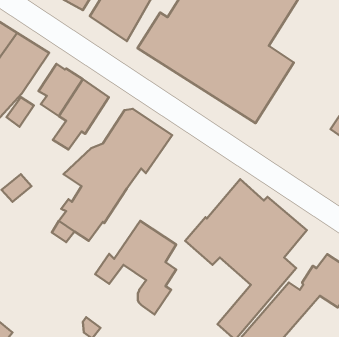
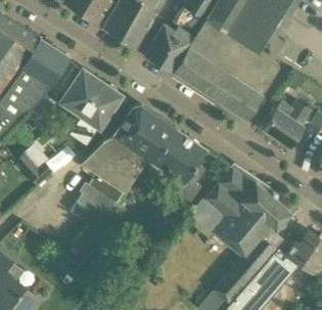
building: none -> [263,100,312,147]
building: [95,221,176,315] -> [136,128,205,209]

